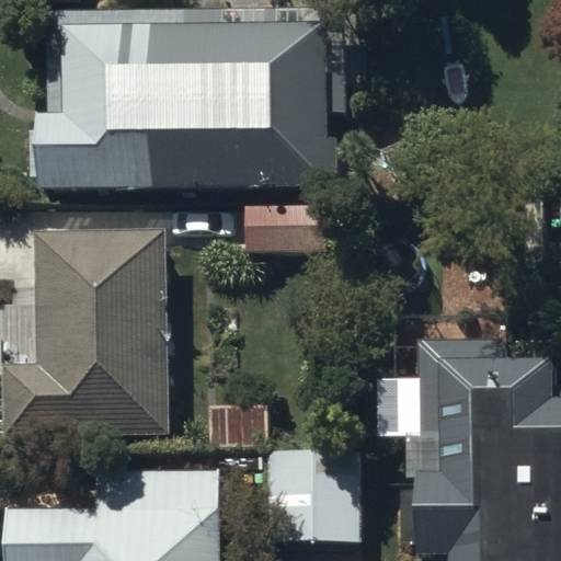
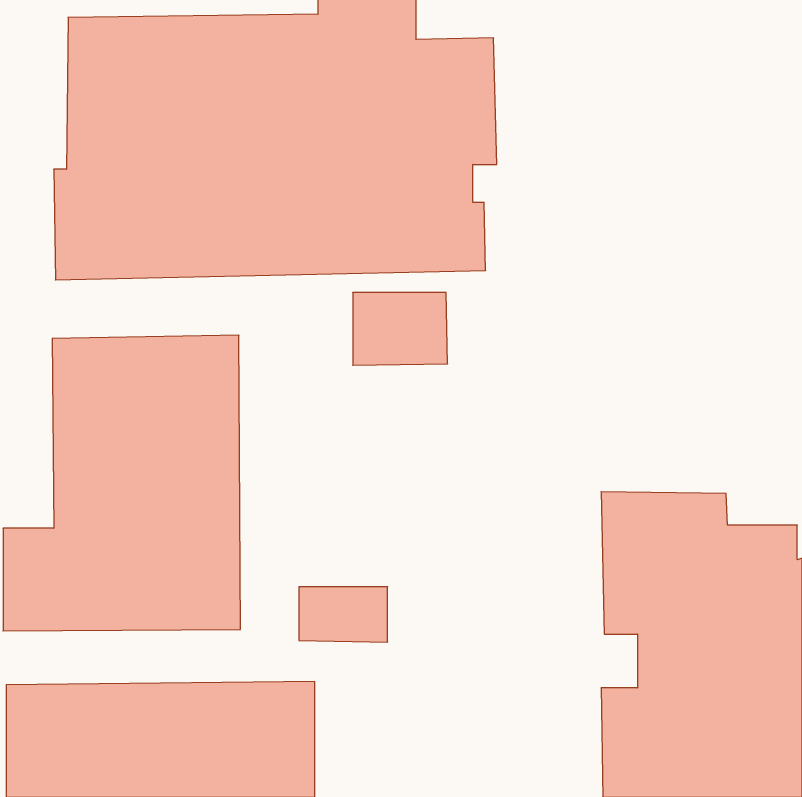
building: [267,451,357,541] -> none

